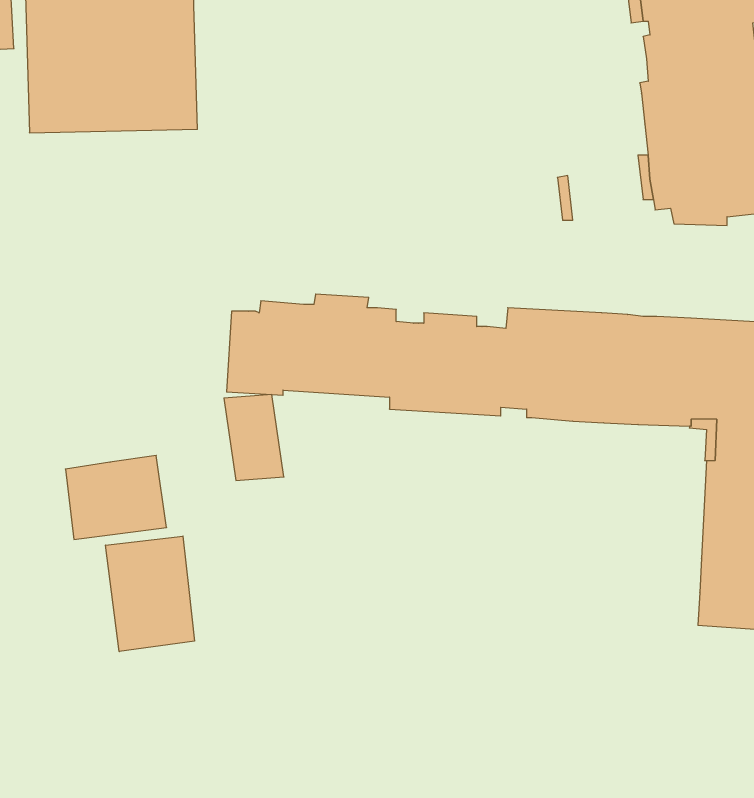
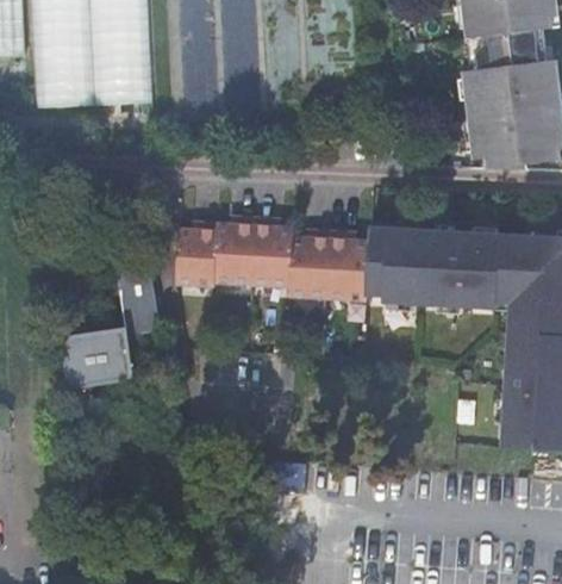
building: [224,395,284,480] -> [117,269,158,329]
building: [106,536,194,652] -> none

